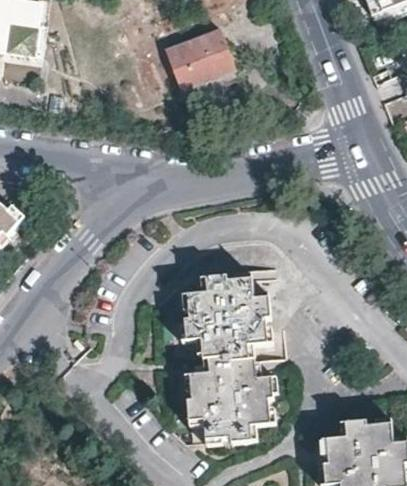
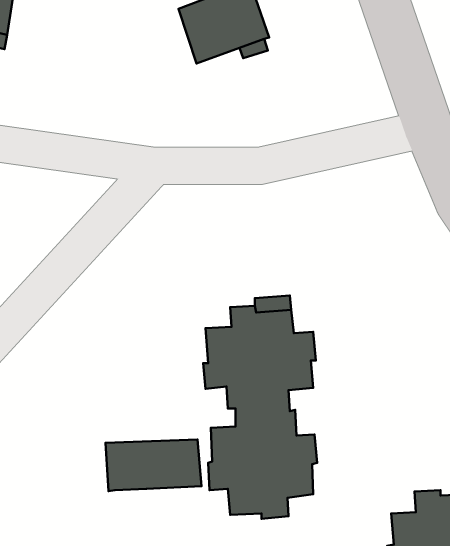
building: none -> [105,440,201,491]

